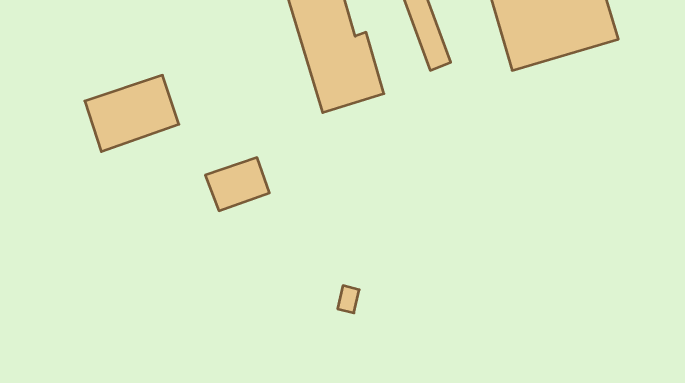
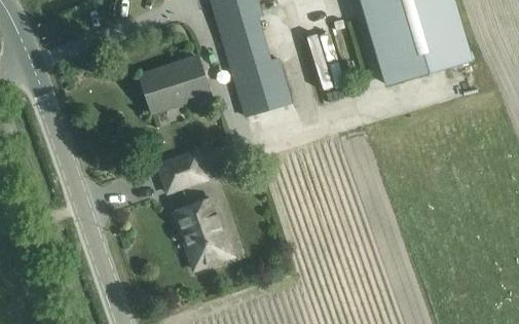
building: [85,75,179,152] -> [138,55,209,112]
building: none -> [173,196,225,267]

